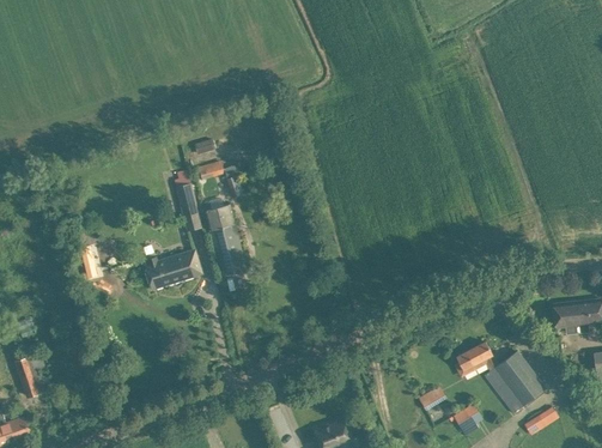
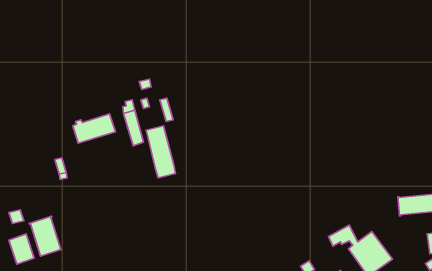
building: [144,249,202,290] -> [73,114,116,143]
building: none -> [29,216,61,256]

